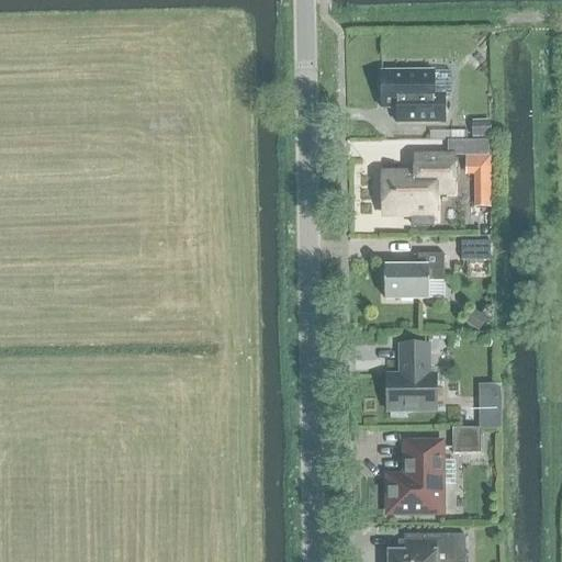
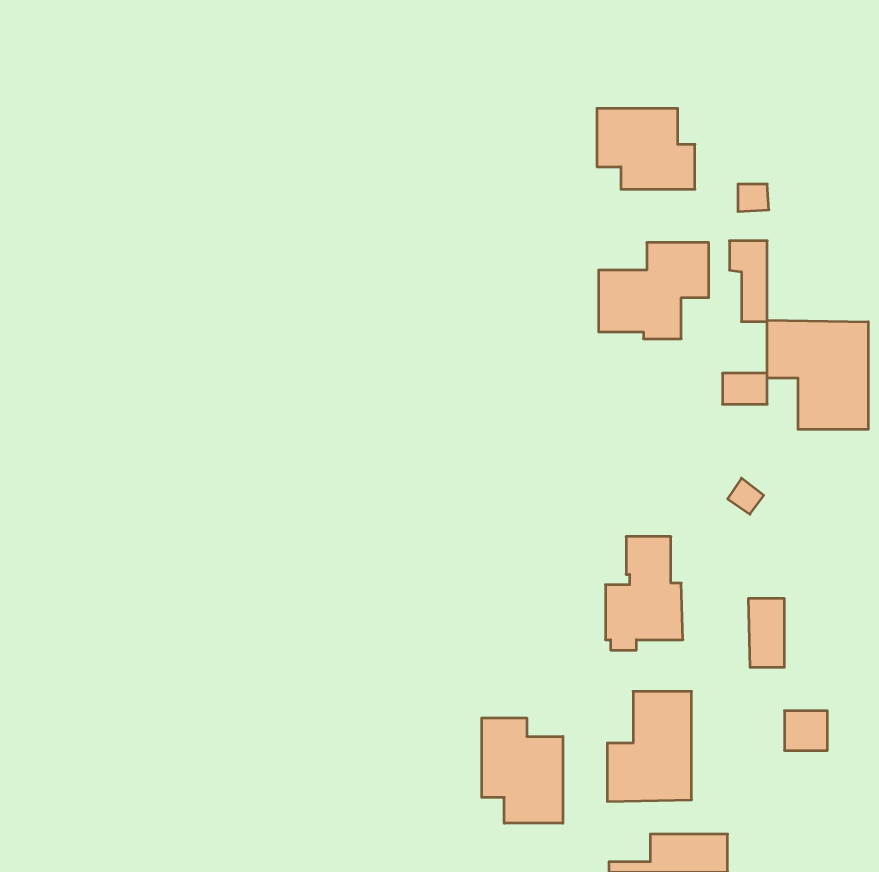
building: none -> [767,320,868,429]
building: [384,252,443,296] -> none
building: [452,426,480,451] -> [784,711,827,750]
building: none -> [482,718,563,823]

